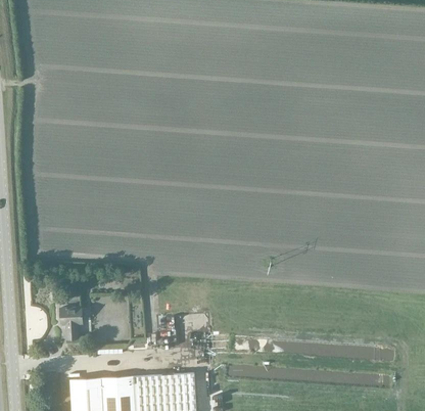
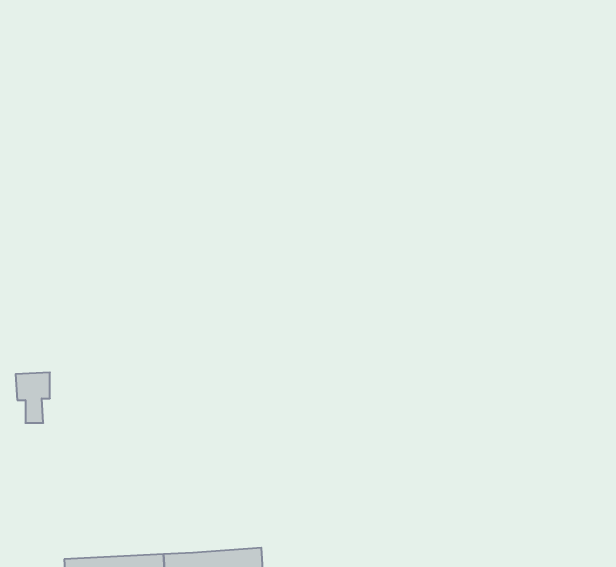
building: [59,308,81,339] -> [16,372,50,423]

